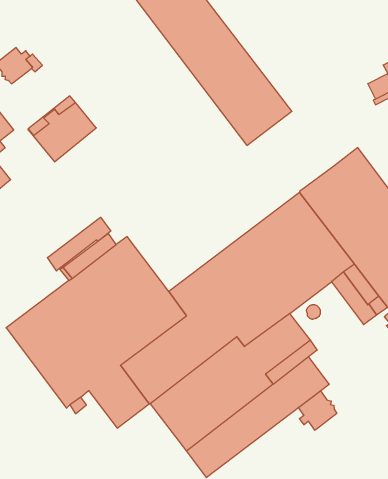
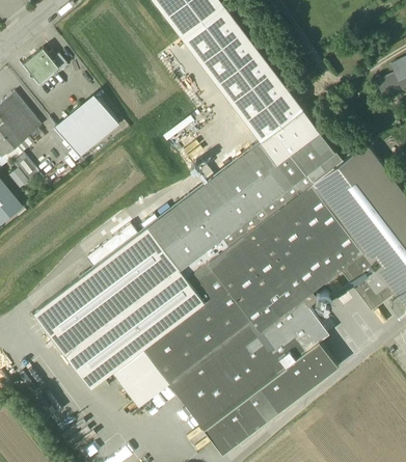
building: none -> [148,109,344,279]
building: [47,217,111,271] -> none
building: [298,391,337,430] -> none

